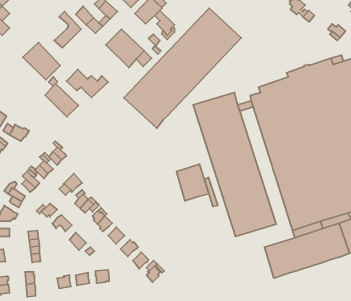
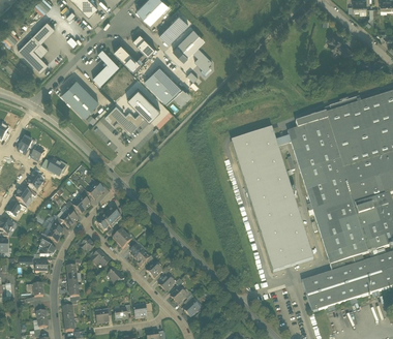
building: [124,8,241,128] -> none
building: [45,84,78,117] -> [127,88,160,121]
building: [177,164,209,201] -> none

